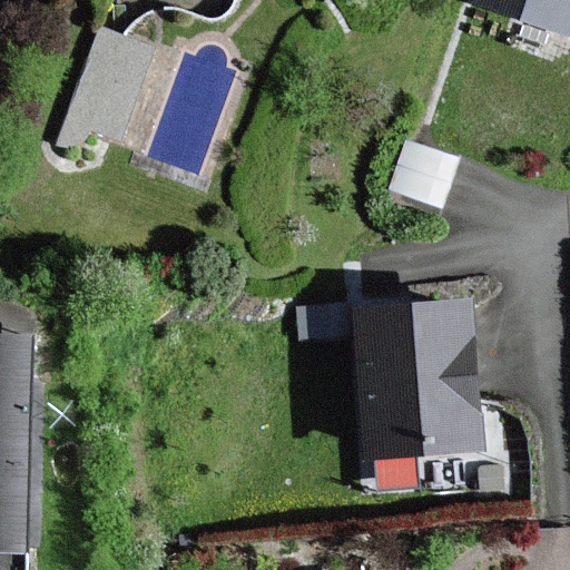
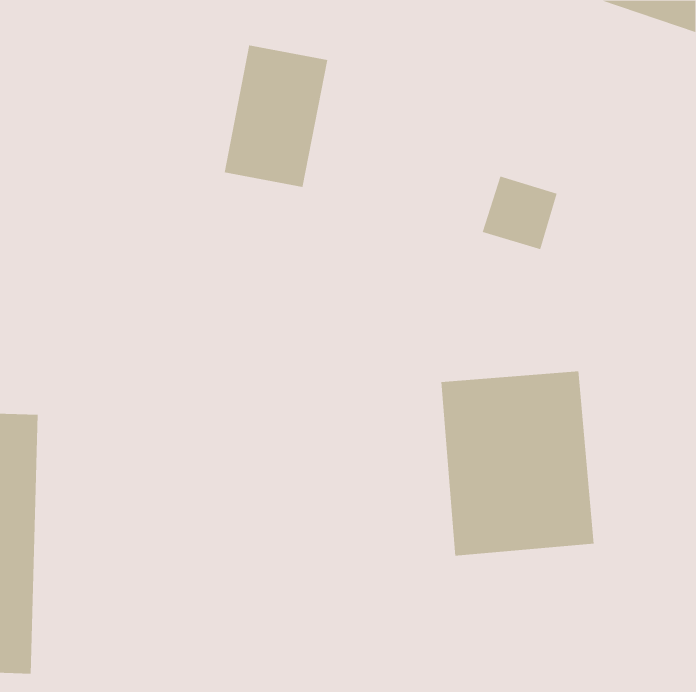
building: [68,24,153,140] -> [224,45,328,187]

